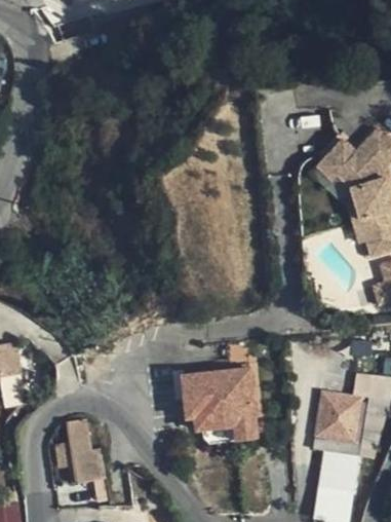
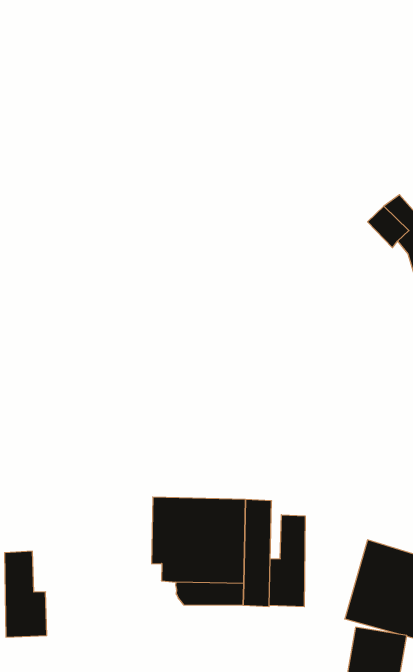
building: none -> [269,515,305,607]

